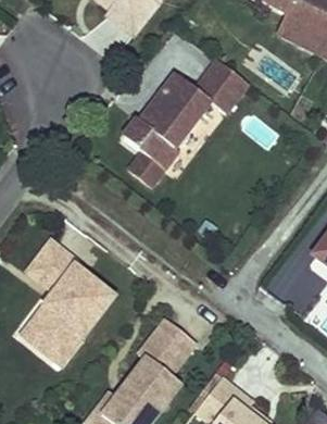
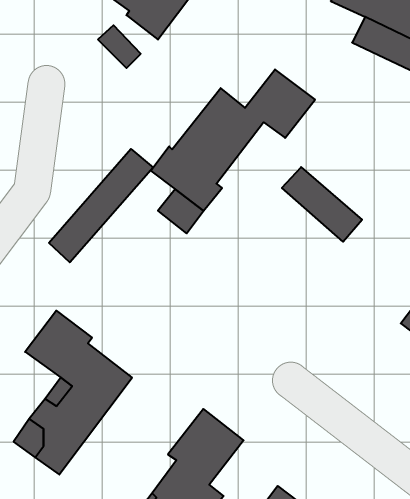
building: none -> [49,149,153,262]
building: none -> [282,167,362,242]

